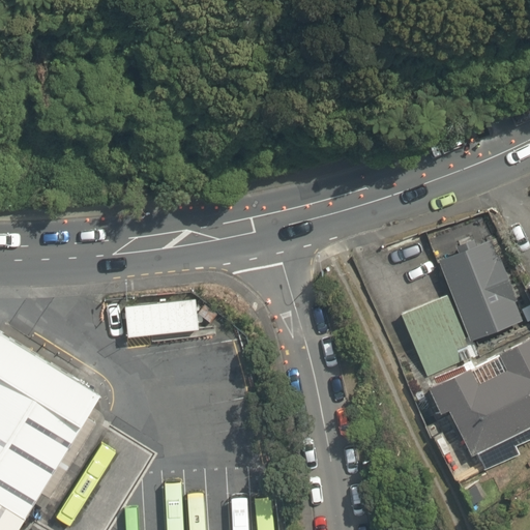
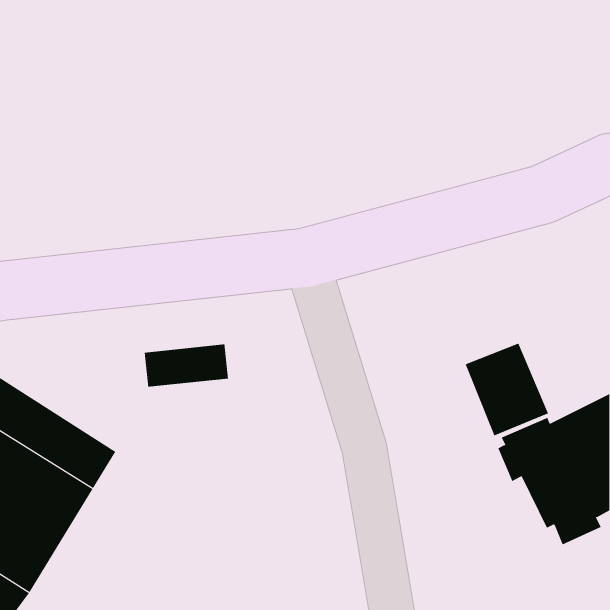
building: [439,241,523,344] -> none

